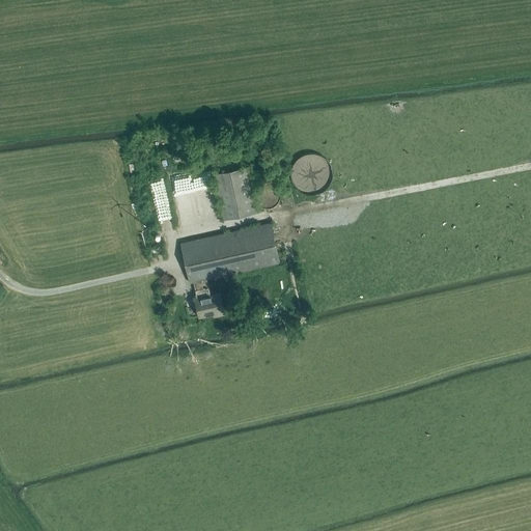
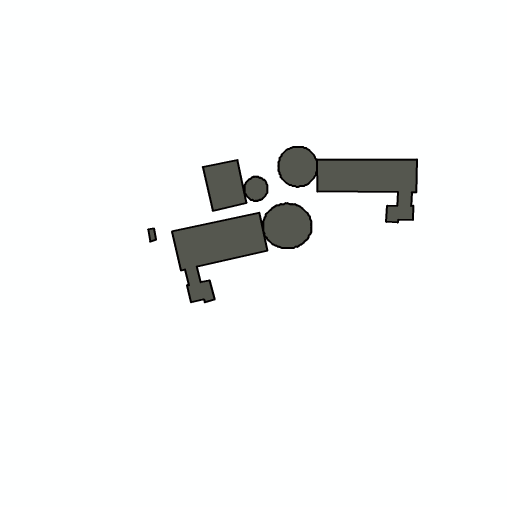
building: none -> [317,159,417,223]
building: none -> [263,203,311,248]

